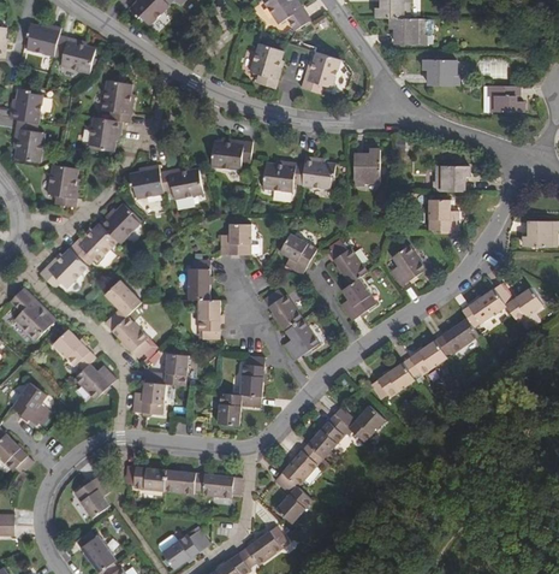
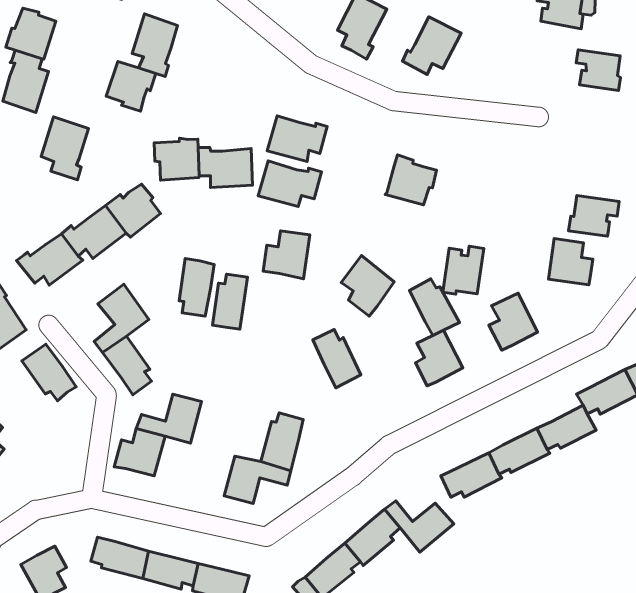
building: [356,143,381,179] -> [443,246,484,294]
building: [261,161,304,191] -> [258,161,321,206]
building: [198,298,220,338] -> [179,259,214,316]
building: [283,319,319,360] -> none
building: [76,362,117,398] -> none

